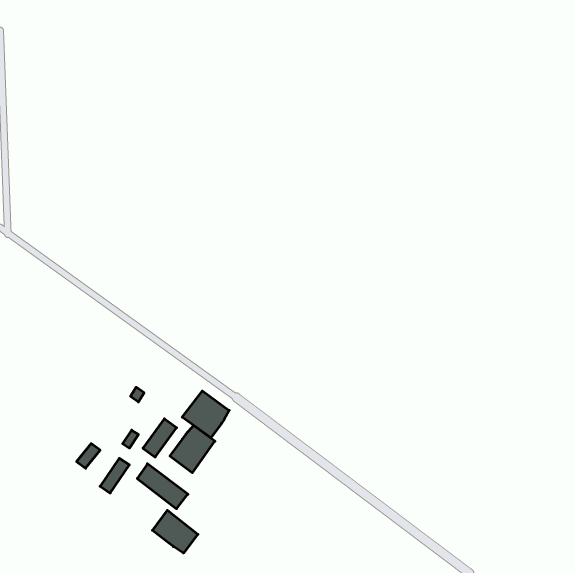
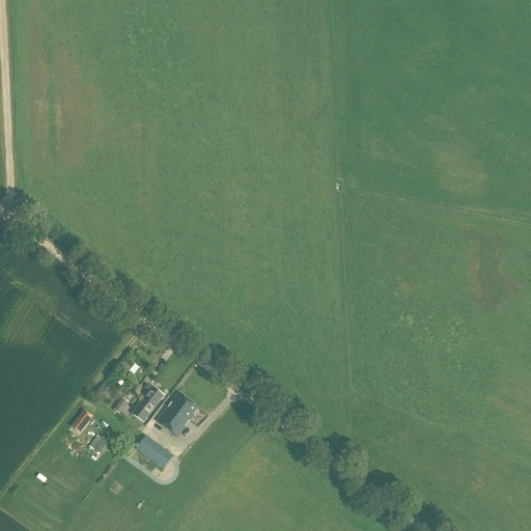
building: [182,391,229,438] -> none
building: [152,510,198,553] -> none

